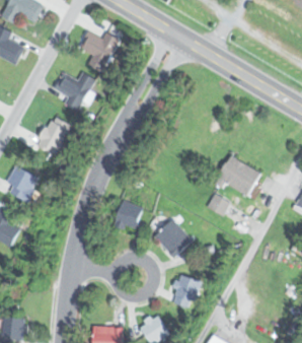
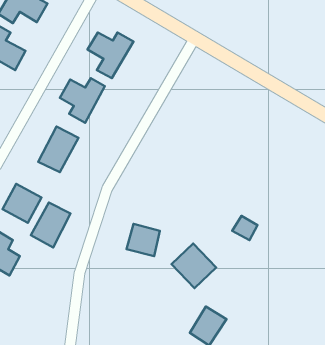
building: [217,156,262,198] -> none
building: none -> [31,203,71,247]

